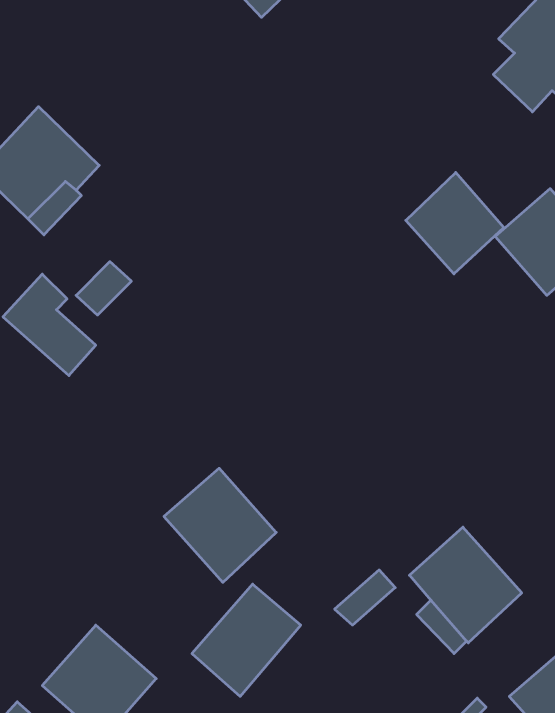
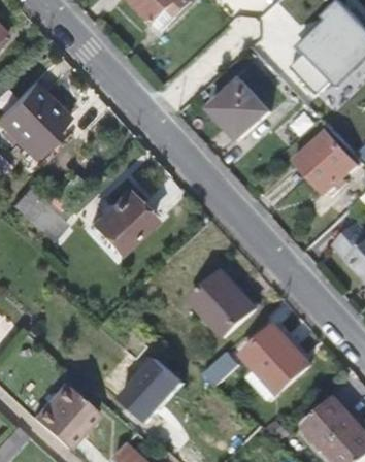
building: [406,172,504,274] -> [214,78,271,137]
building: none -> [93,189,151,249]
building: [164,468,276,582] -> [191,271,256,337]

